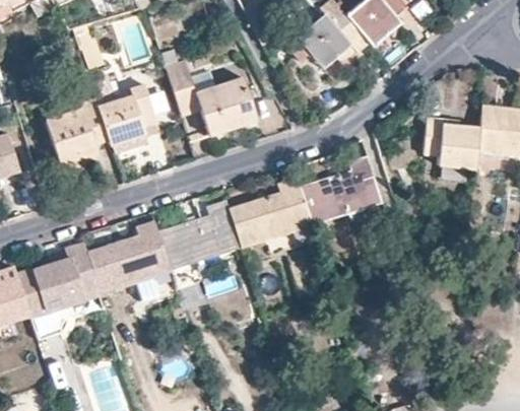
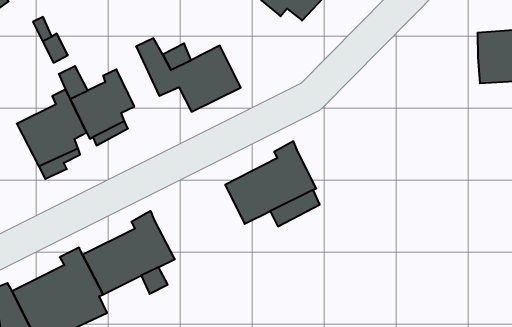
building: [422,116,479,168] -> none
building: [300,154,383,226] -> none
building: [158,199,241,268] -> none

